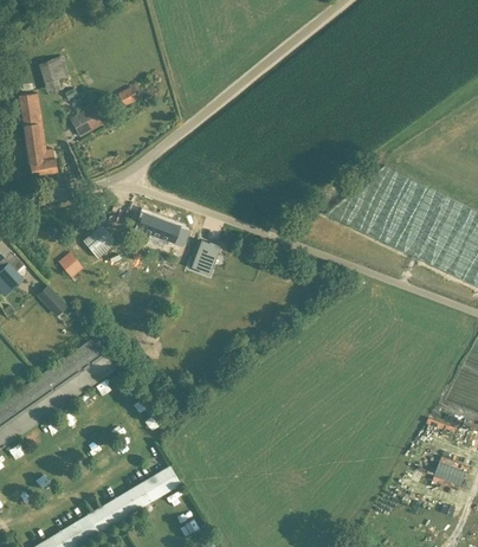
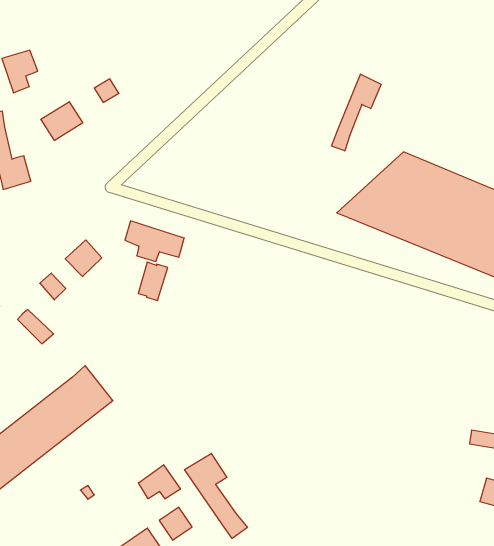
building: none -> [331,74,381,151]
building: [193,239,220,274] -> [138,262,168,301]
building: none -> [185,453,247,538]
building: none -> [138,465,180,499]

